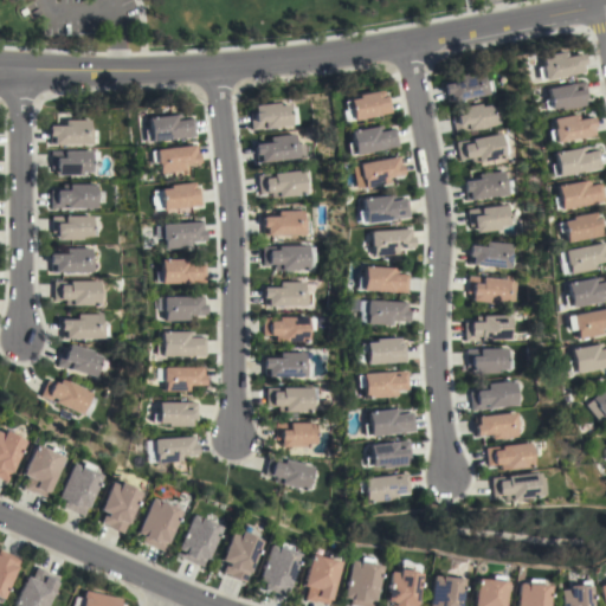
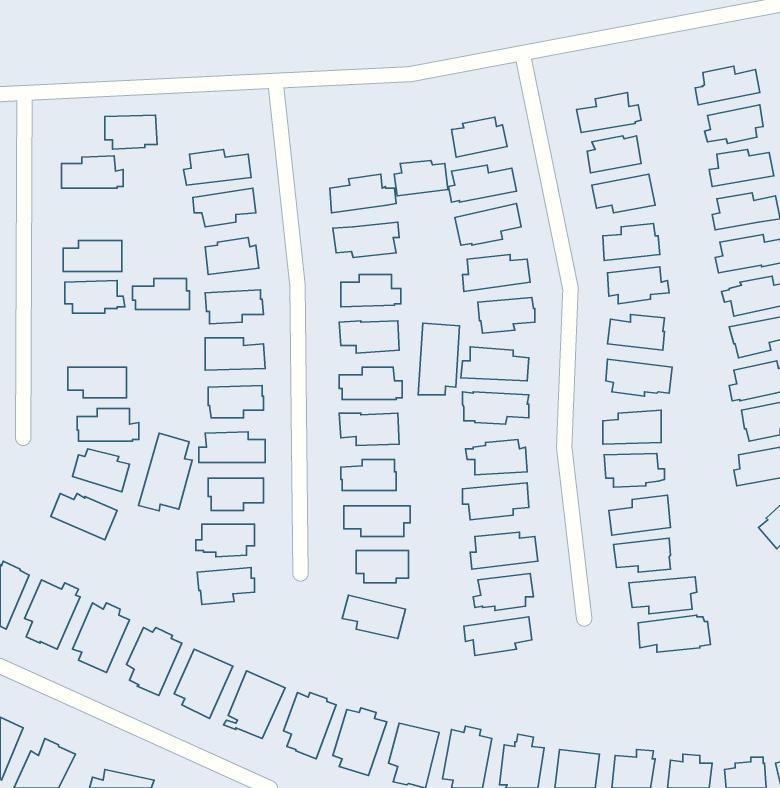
building: [254,103,296,130] -> [394,160,448,196]
building: [56,150,96,176] -> [105,115,157,149]
building: none -> [418,323,460,395]
building: [53,249,97,272] -> [132,279,189,309]
building: none -> [139,433,192,511]

